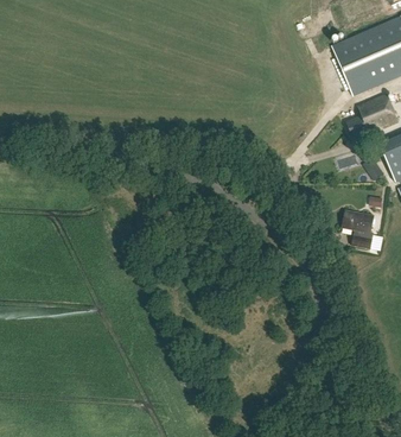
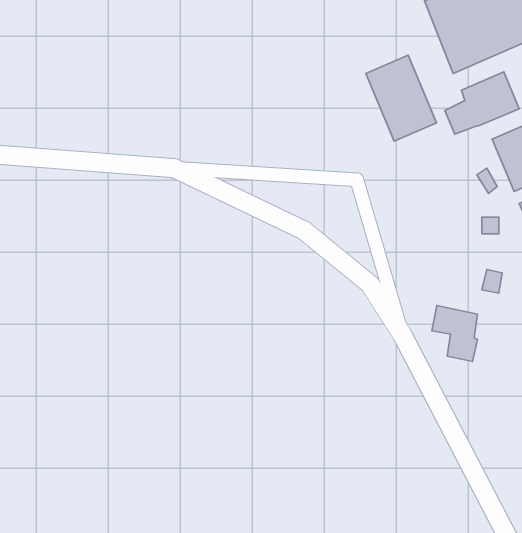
building: none -> [366,55,436,141]
building: [340,208,373,247] -> [432,306,478,361]

